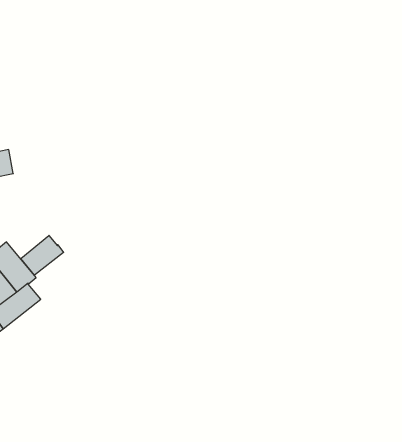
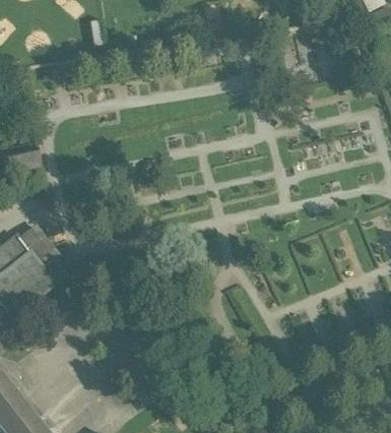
building: [21,235,64,275] -> none

